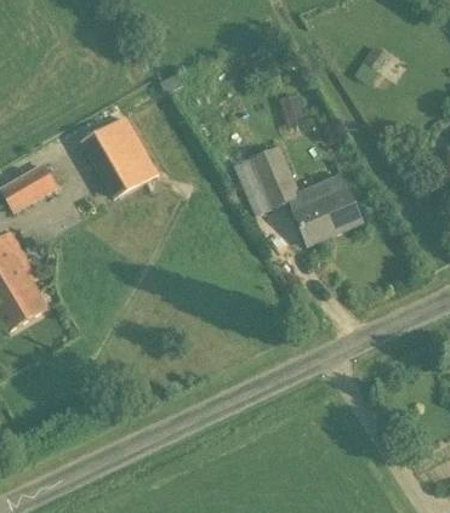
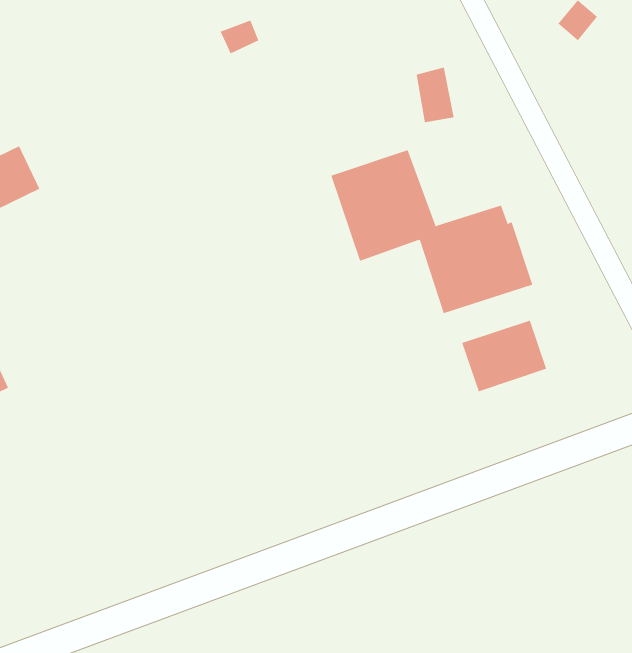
building: [80,116,159,201] -> none
building: none -> [461,320,547,392]

